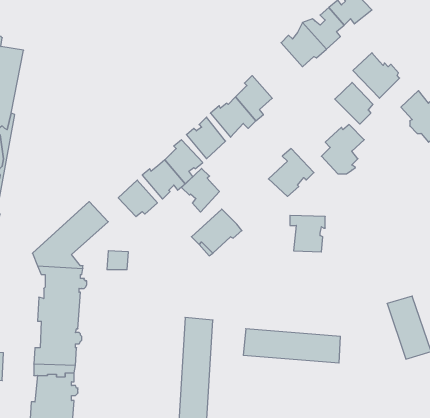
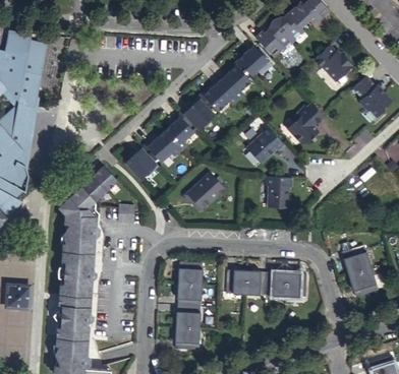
building: none -> [237,47,272,77]
building: [335,82,373,124] -> none
building: [181,168,219,212] -> none

